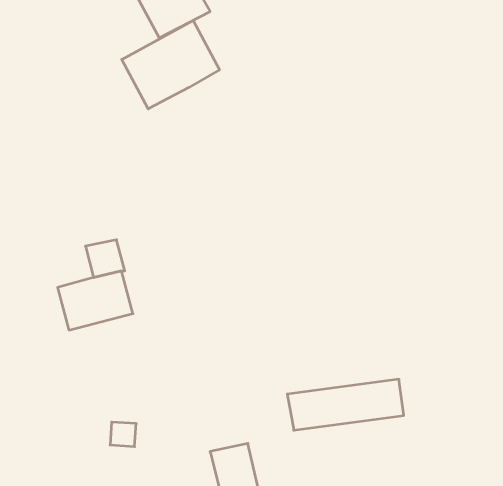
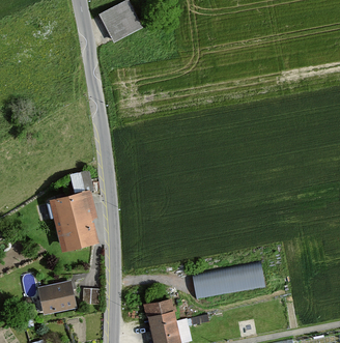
building: [122,20,219,109] -> none
building: none -> [56,220,98,253]
building: none -> [39,283,74,312]

